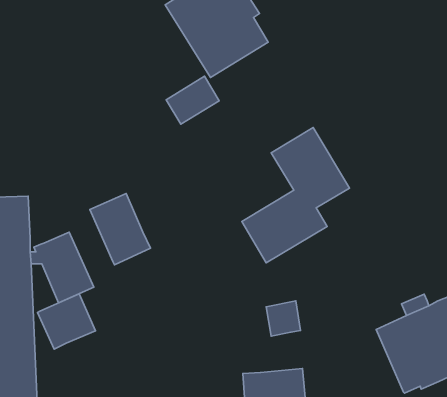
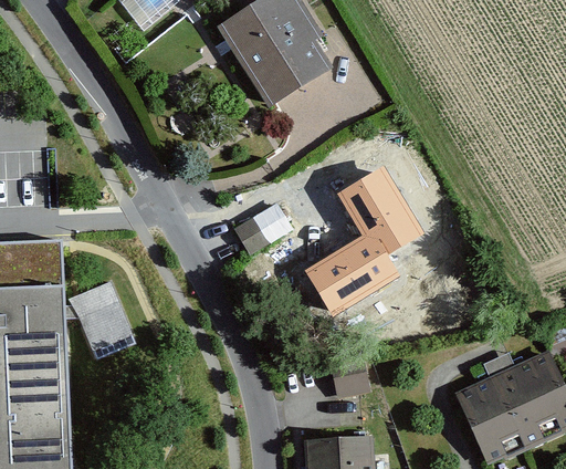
building: [166,76,219,124] -> [233,201,293,256]
building: [90,194,150,265] -> none
building: [37,294,95,349] -> none

